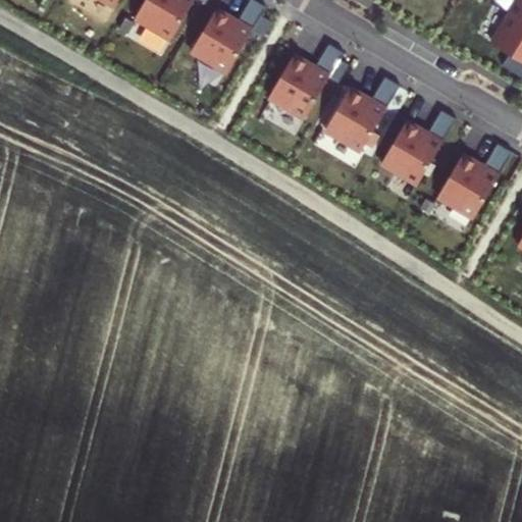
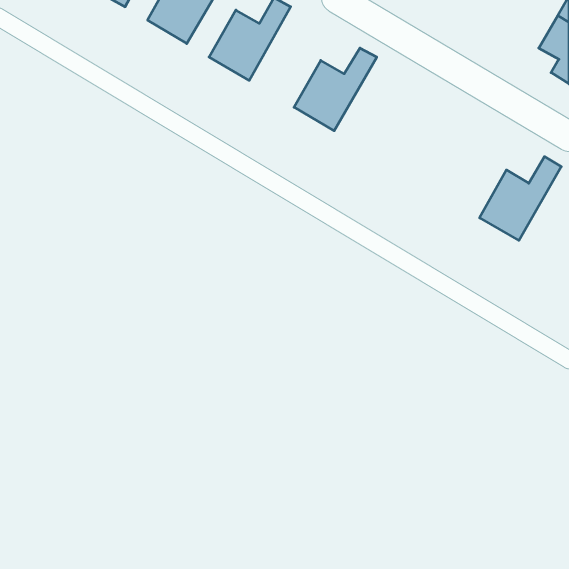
building: [324,76,399,152] -> none
building: [380,110,456,186] -> none

